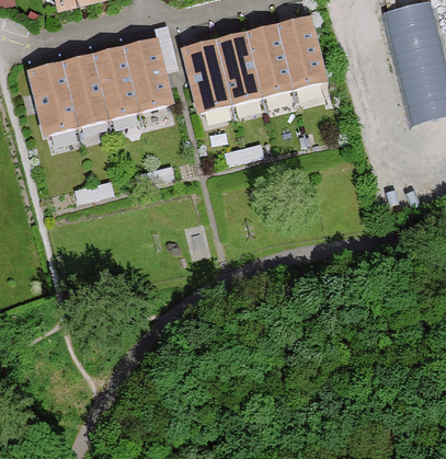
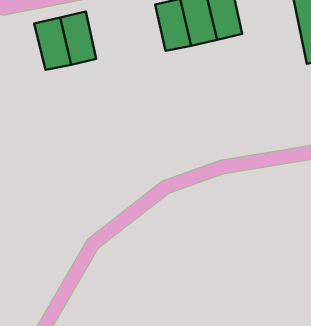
building: [181,41,227,107] -> none
building: [126,42,172,110] -> none
building: [28,65,75,131] -> none

